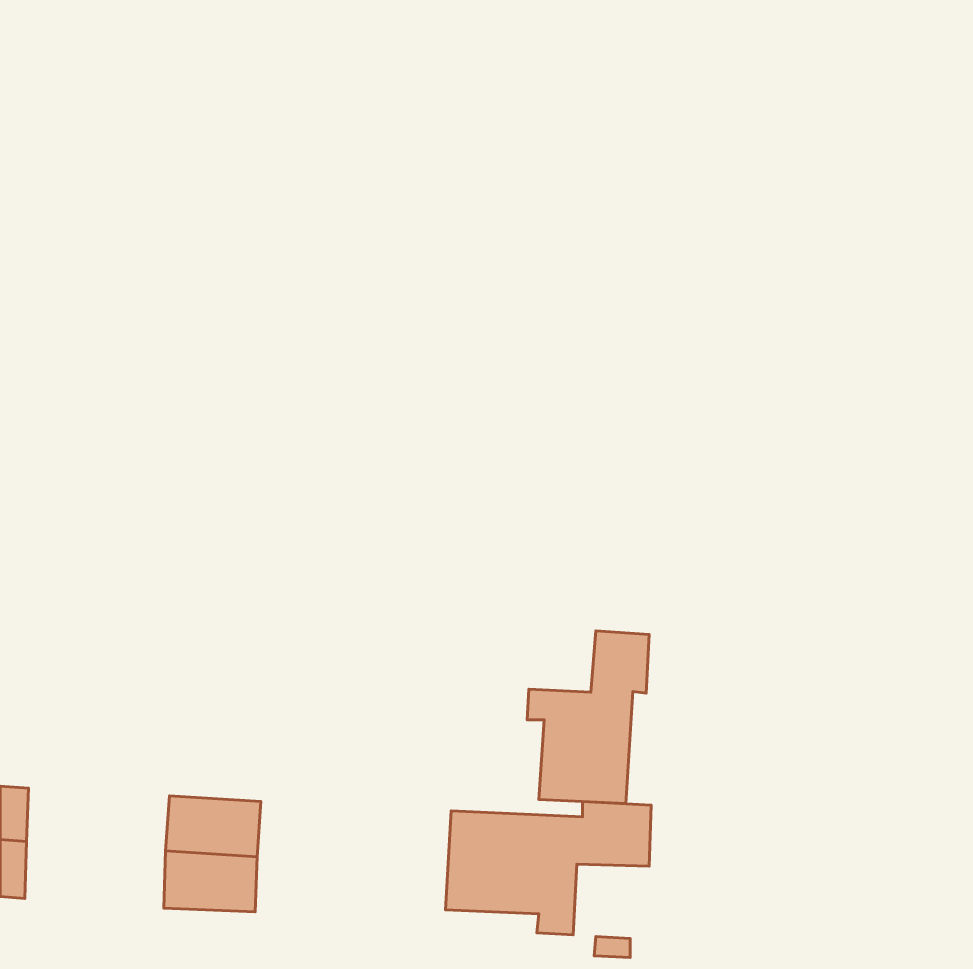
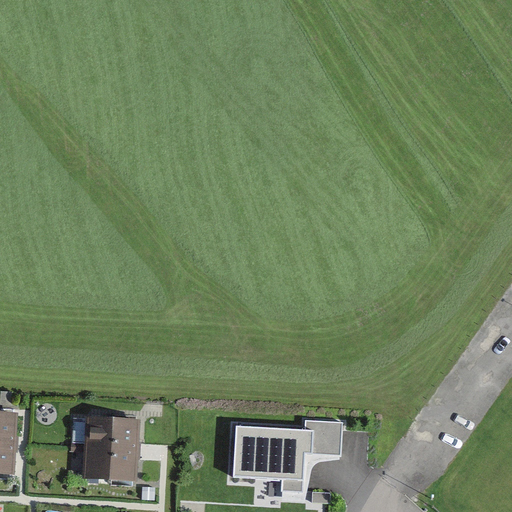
building: [527,631,649,804] -> none

